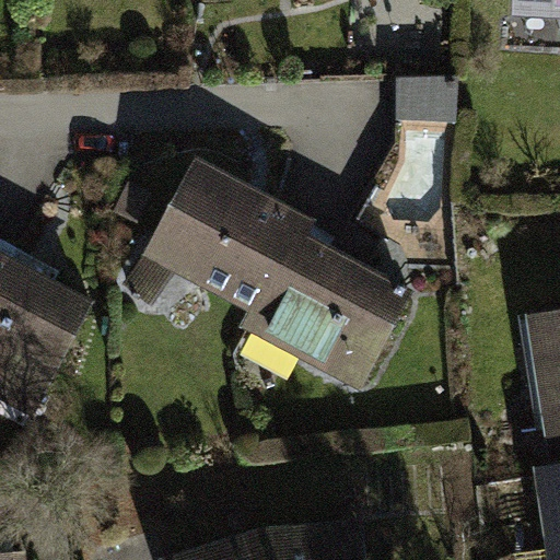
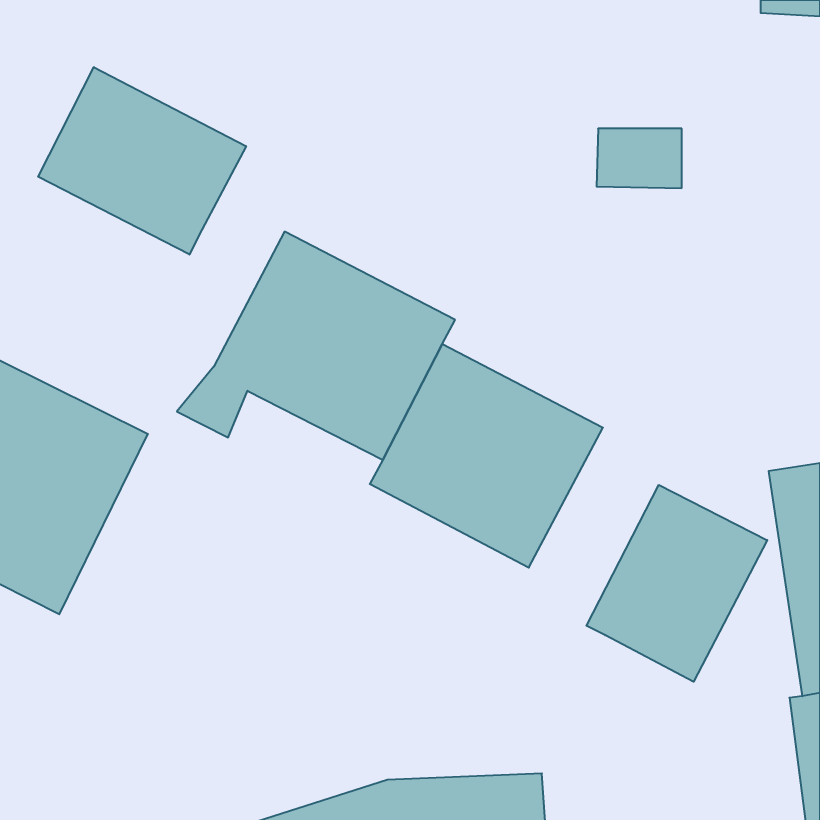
building: none -> [38,67,246,255]
building: none -> [586,485,767,682]

